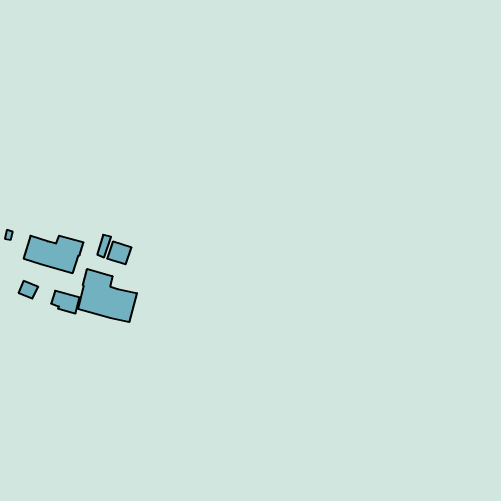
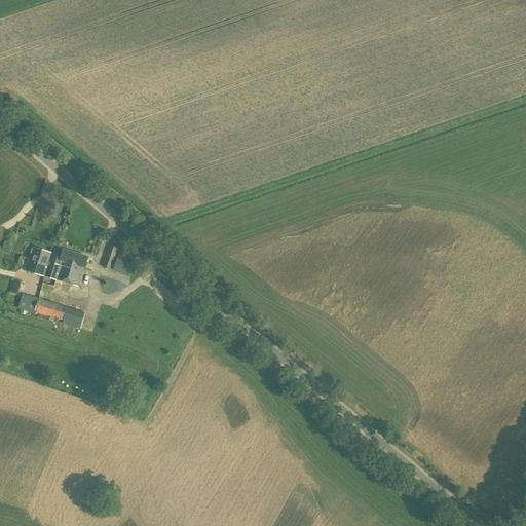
building: [78,269,137,322] -> none

